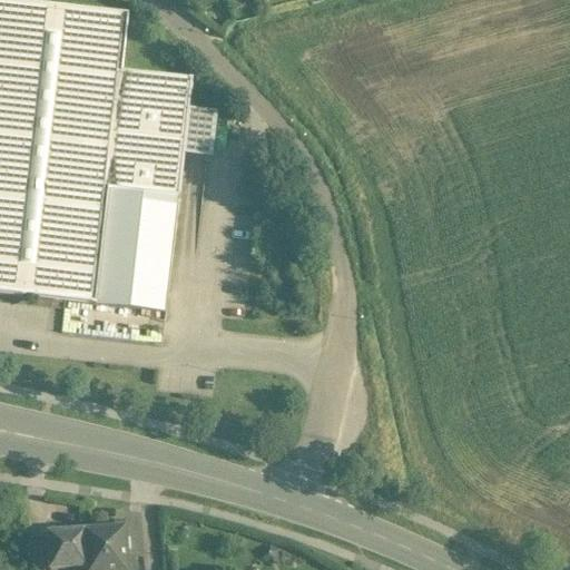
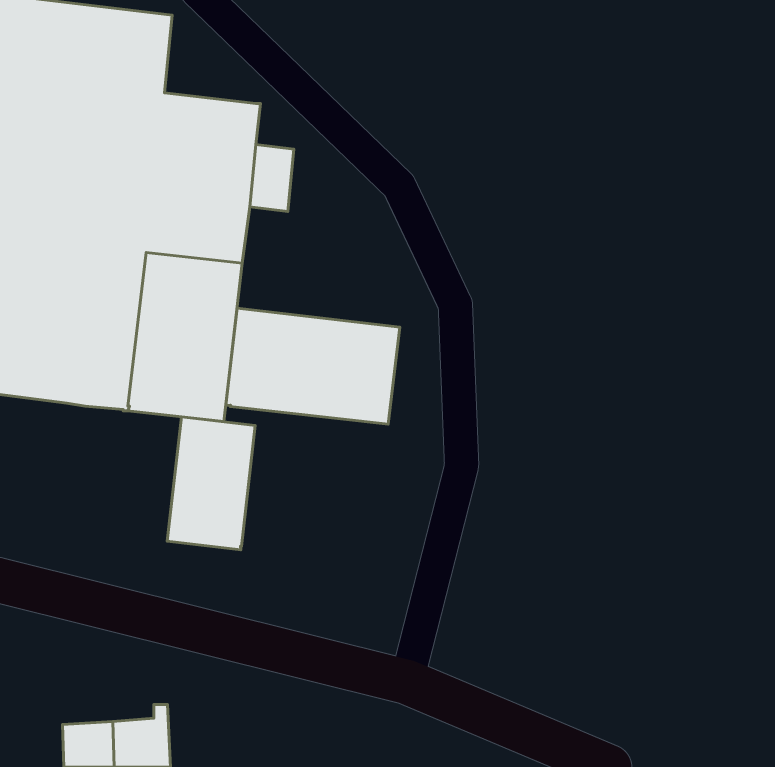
building: none -> [226,308,400,424]
building: none -> [167,417,255,550]

